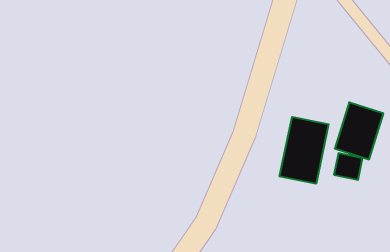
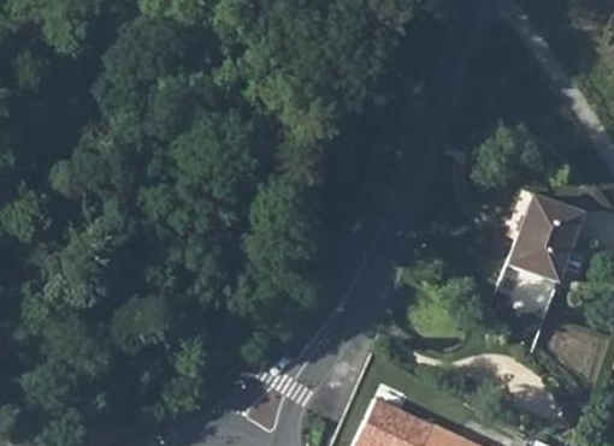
building: [280,117,329,184] -> none

